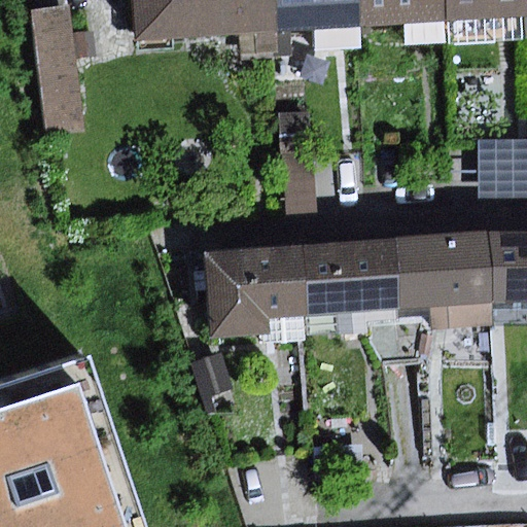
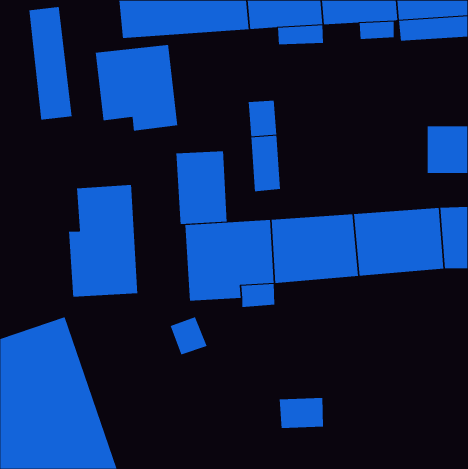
building: none -> [95,44,178,131]
building: none -> [176,151,227,225]
building: none -> [68,184,138,298]

